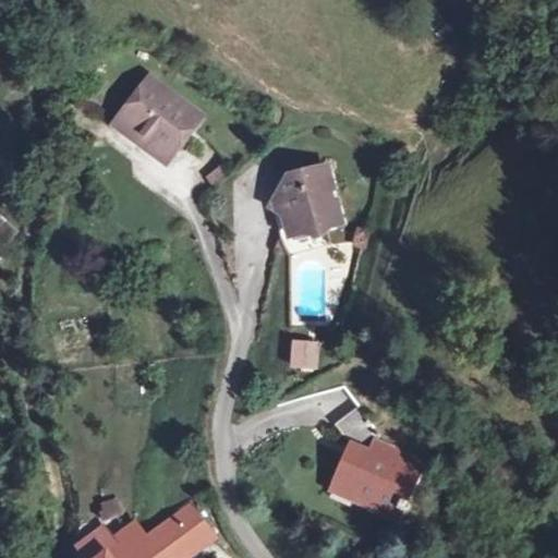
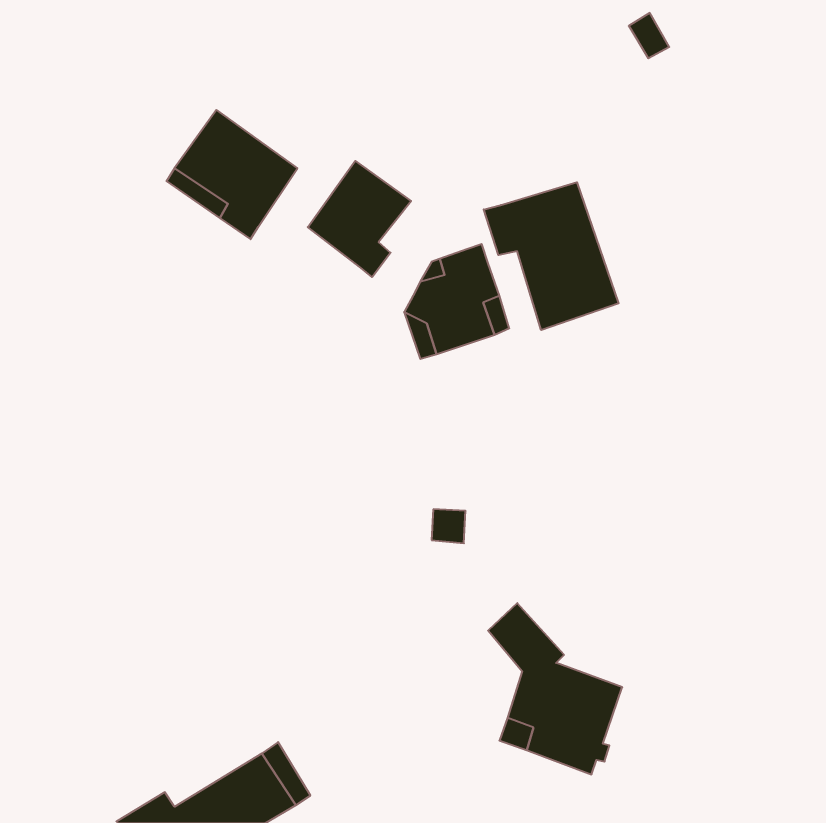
building: none -> [308,161,411,277]
building: none -> [484,182,619,330]

